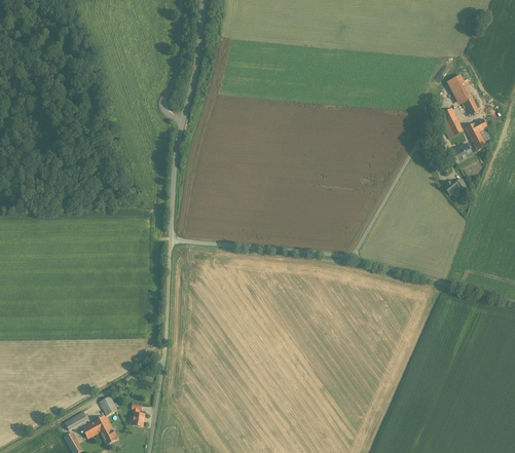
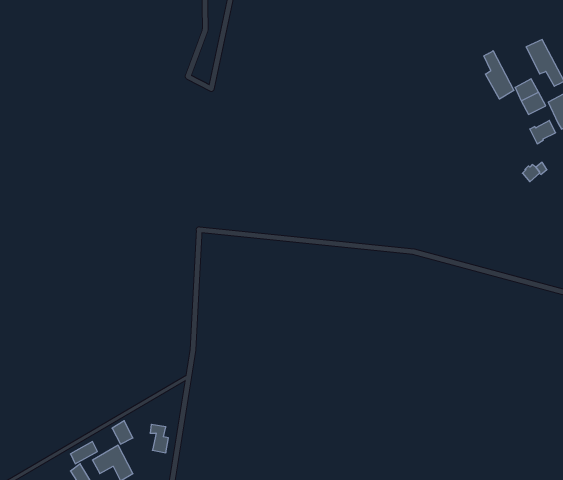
building: none -> [484,51,514,99]

